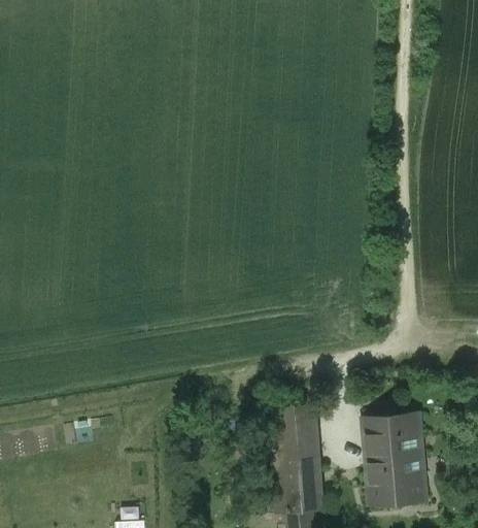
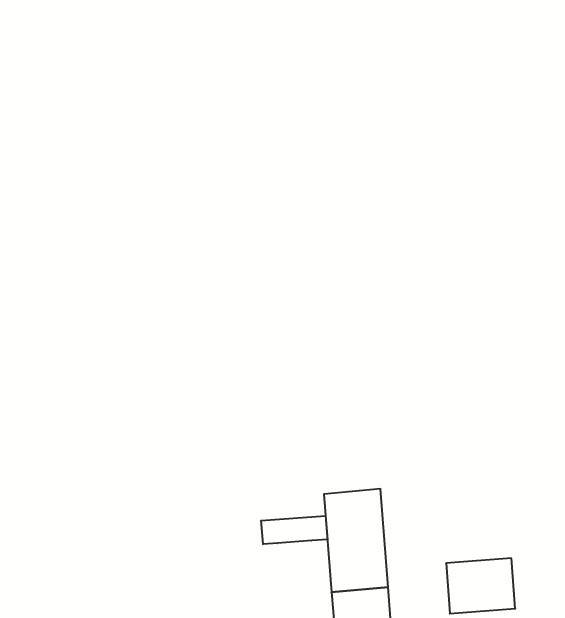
building: [365,415,422,466] -> none
building: none -> [261,516,327,544]

